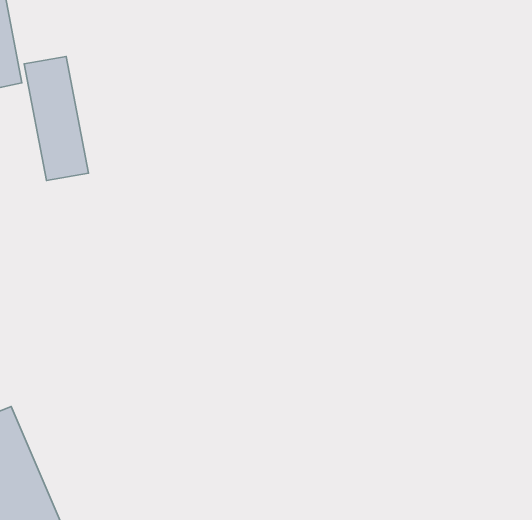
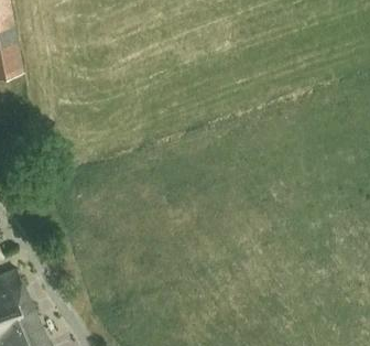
building: [24,57,89,180] -> none

